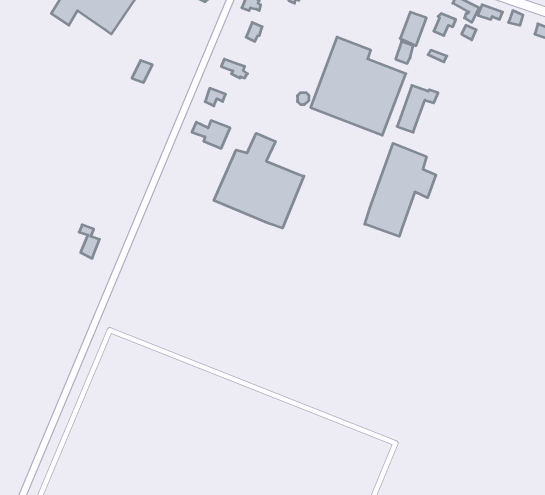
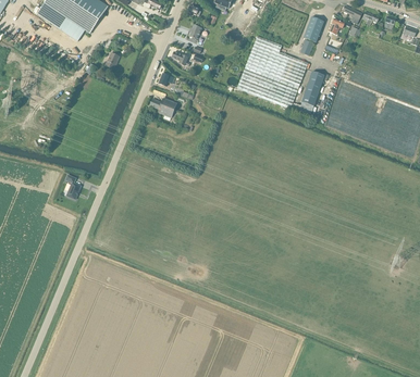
building: [214,133,304,228] -> none
building: [365,143,436,236] -> none

